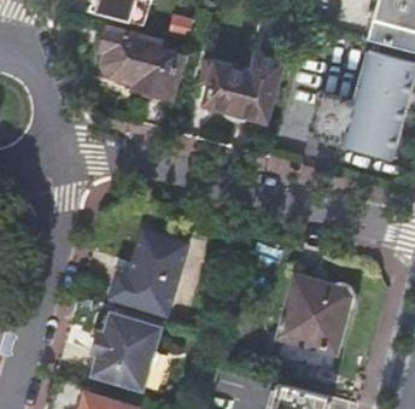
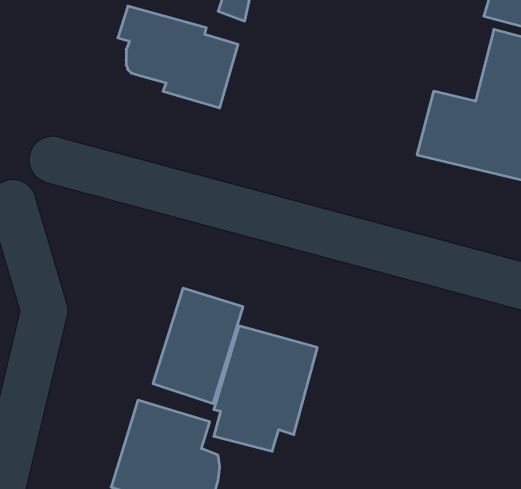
building: [204,63,277,122] -> none
building: [277,275,352,366] -> [214,326,317,451]

